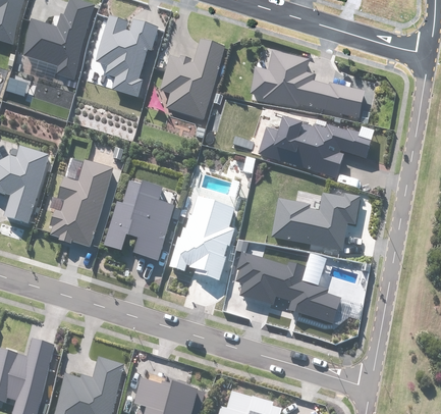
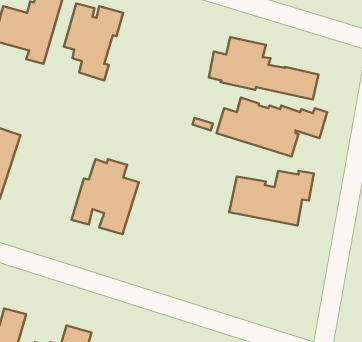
building: [159,40,226,120] -> none
building: [50,157,115,247] -> none
building: [169,198,235,280] -> none
building: [236,252,341,323] -> none

